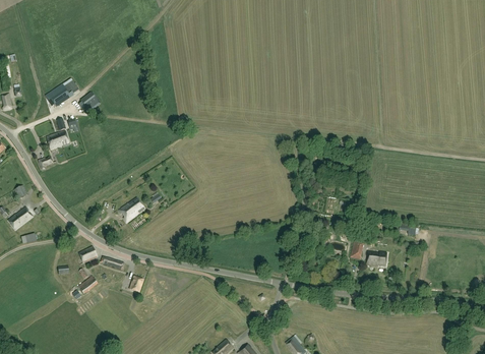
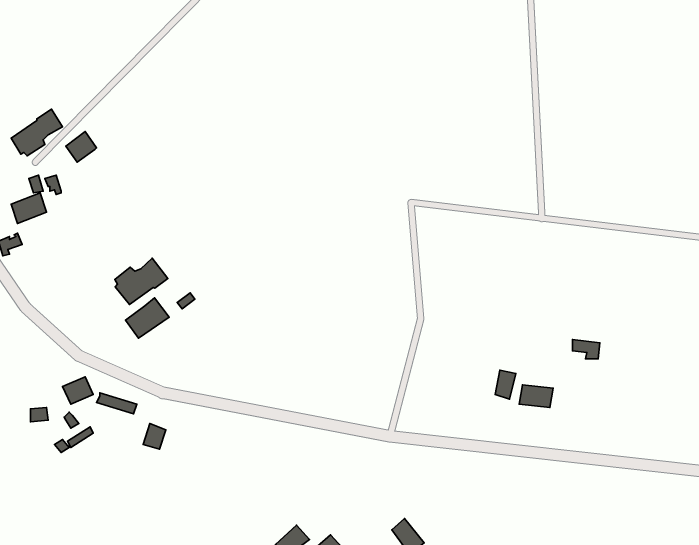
building: none -> [115,258,168,304]

